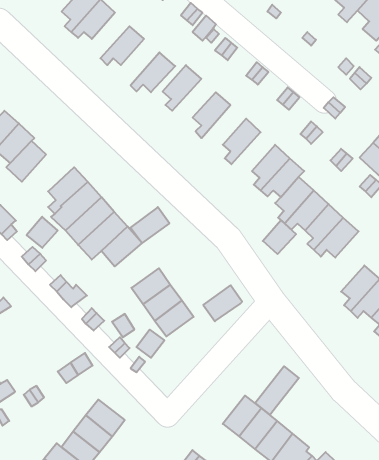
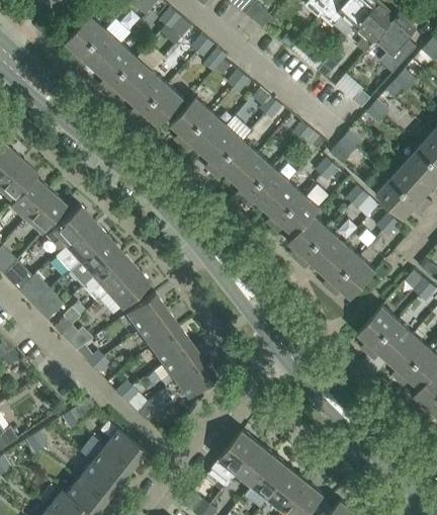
building: none -> [97,44,137,91]
building: none -> [127,71,168,119]
building: none -> [181,112,227,153]
building: none -> [211,140,258,181]
building: none -> [243,168,288,208]
building: none -> [24,191,66,233]
building: [131,207,169,243] -> [126,292,167,330]
building: [263,220,296,254] -> none
building: [203,285,242,321] -> [175,360,215,398]
building: [255,366,299,415] -> [211,430,257,481]
building: none -> [104,430,145,467]

